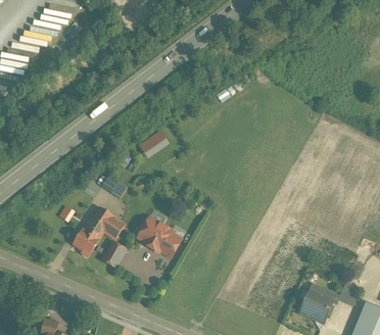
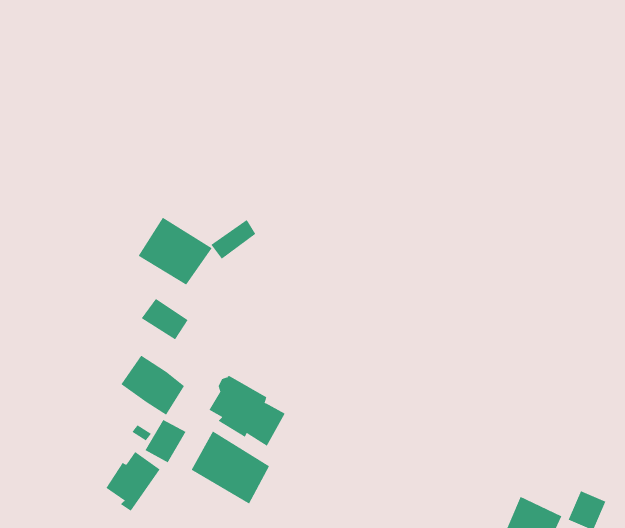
building: none -> [138,217,213,285]
building: [73,223,103,256] -> [106,451,161,512]
building: none -> [191,431,270,505]

